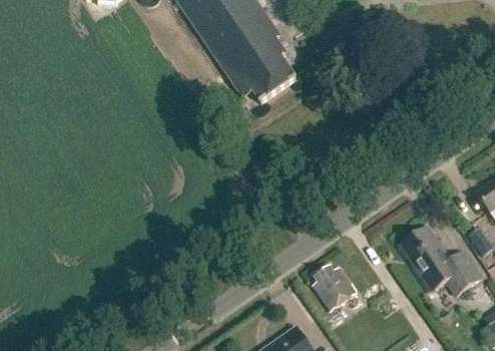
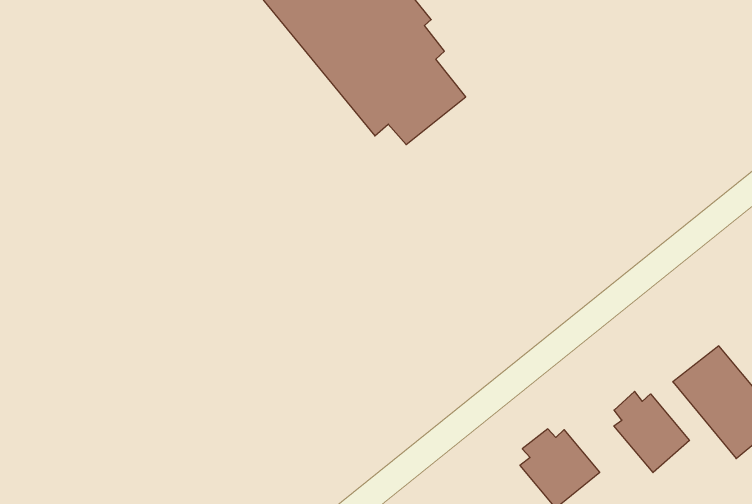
building: none -> [614,391,689,473]

